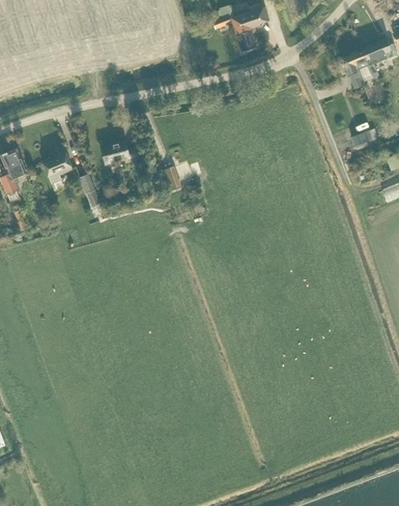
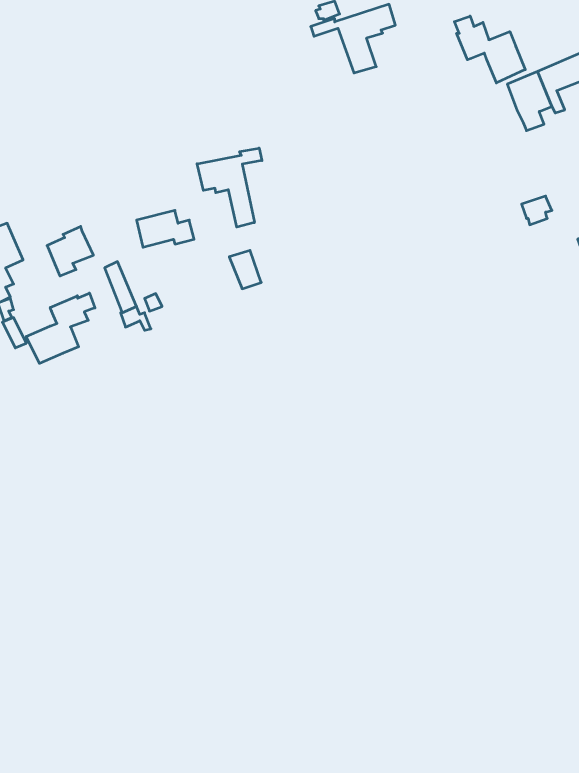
building: none -> [454,16,525,83]
building: none -> [197,148,262,227]
building: none -> [26,293,95,363]

